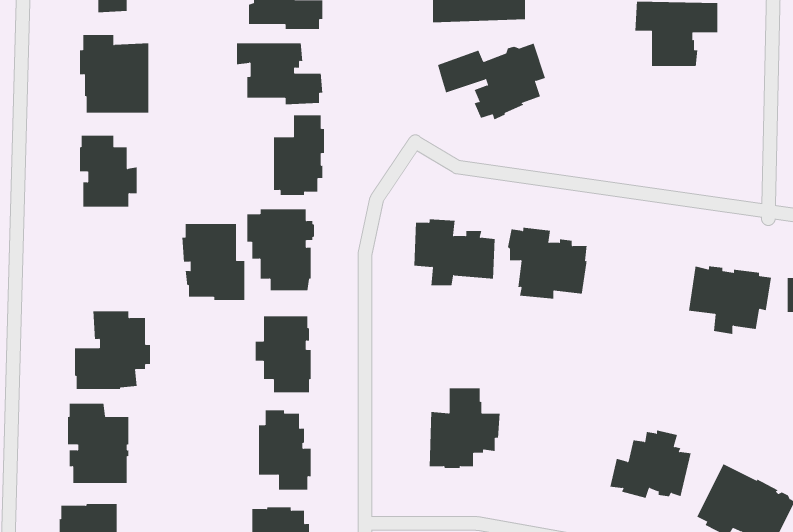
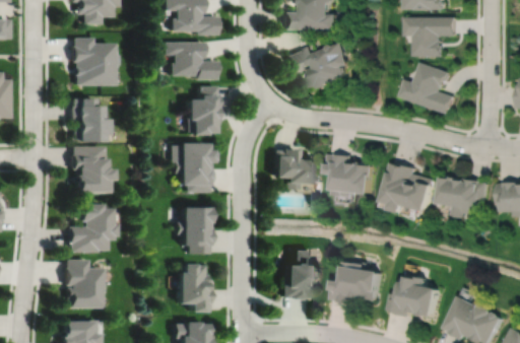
building: none -> [403,63,459,114]
building: [182,224,245,301] -> [70,146,109,193]
building: none -> [387,162,439,213]
building: none -> [335,261,389,305]

